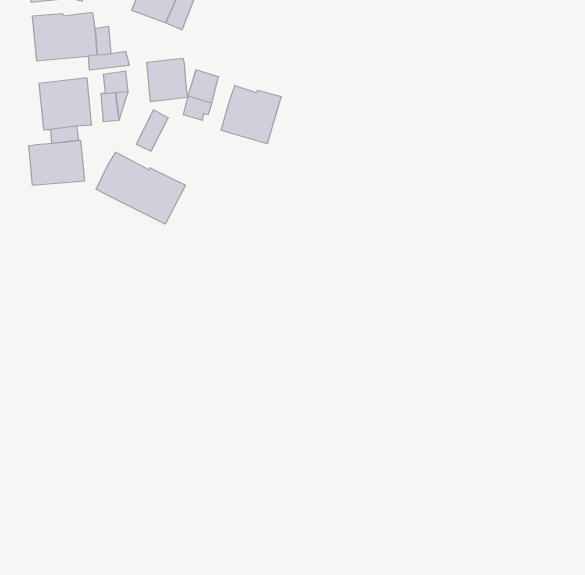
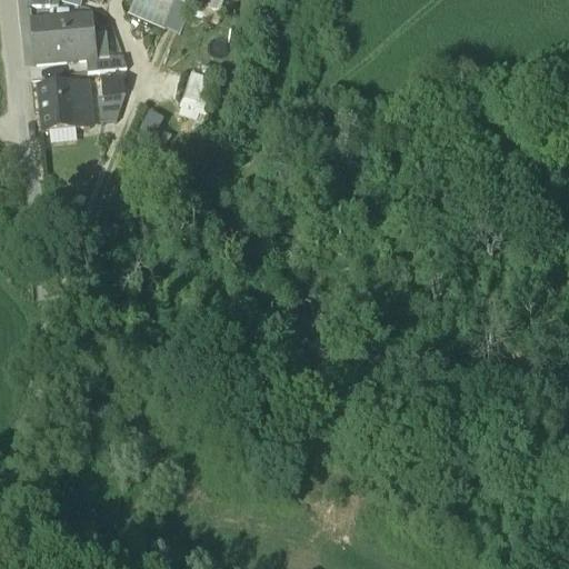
building: [147,58,187,102] -> none
building: [221,85,281,144] -> none
building: [29,140,85,185] -> none
building: [96,152,185,224] -> none

